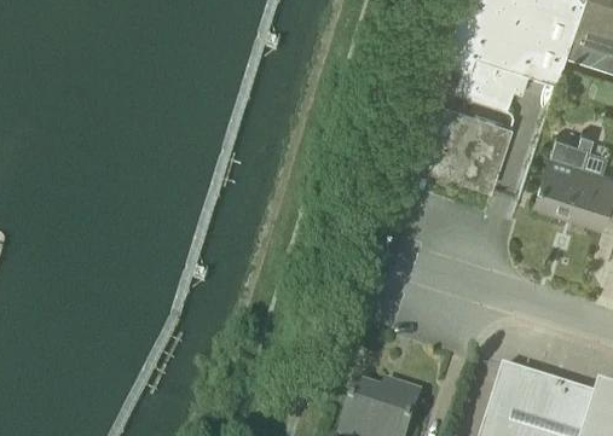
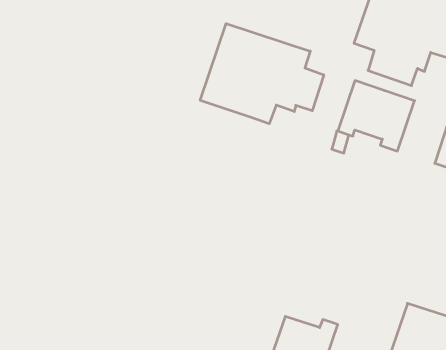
building: none -> [200,24,324,124]

